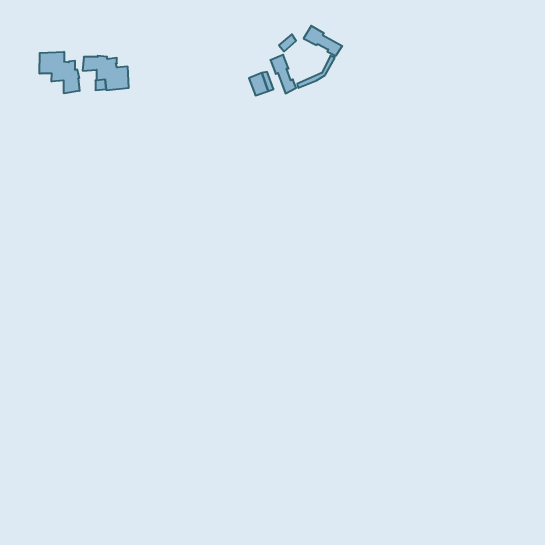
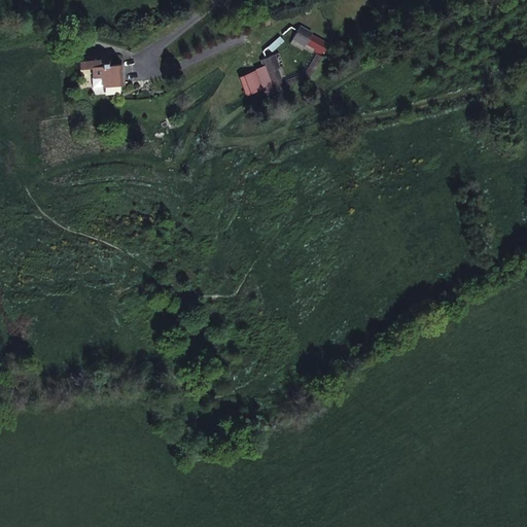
building: [40,52,80,93] -> none

